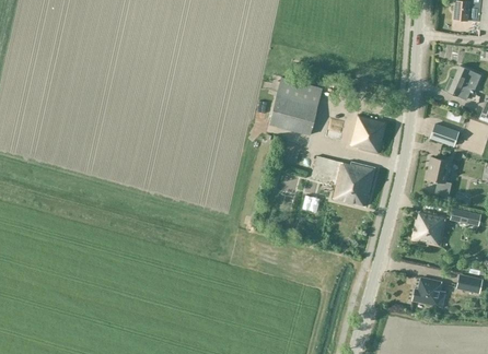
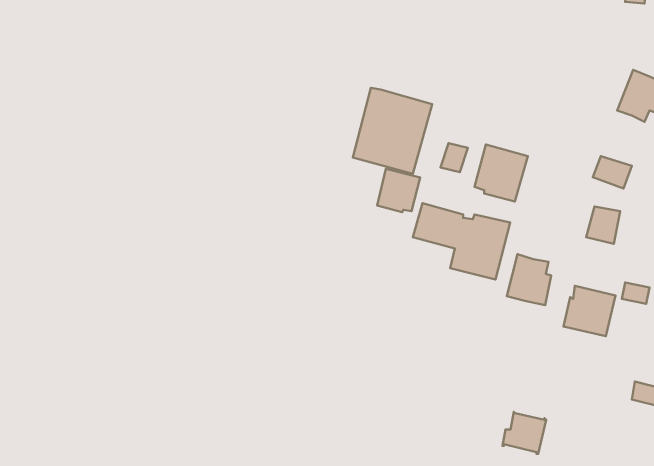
building: none -> [377,169,420,212]
building: none -> [507,254,551,305]
building: [414,278,443,306] -> [502,412,546,454]

